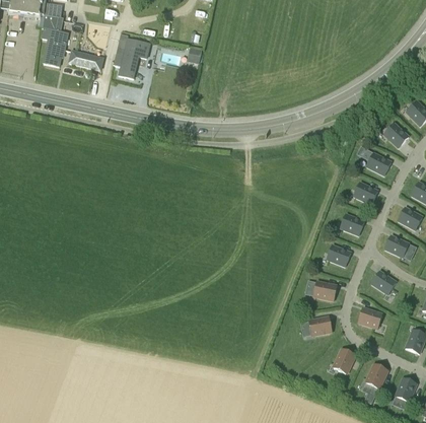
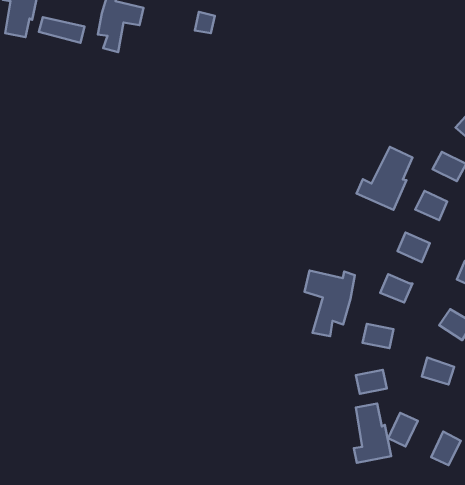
building: none -> [357,147,413,210]
building: none -> [304,270,355,336]
building: none -> [354,403,391,463]

